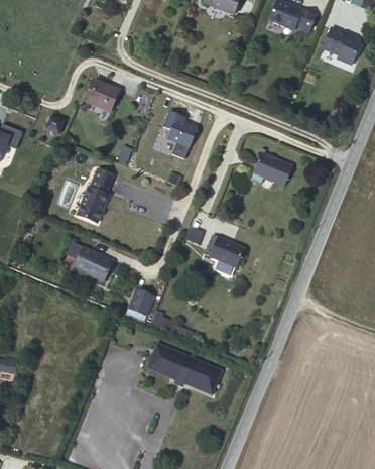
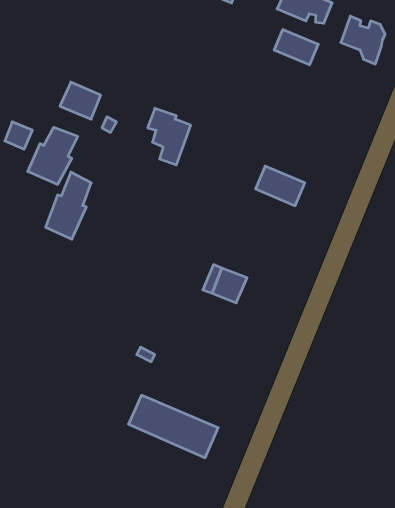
building: none -> [274,29,318,65]
building: none -> [28,127,78,184]
building: [75,251,113,284] -> none
building: [124,289,149,317] -> none

